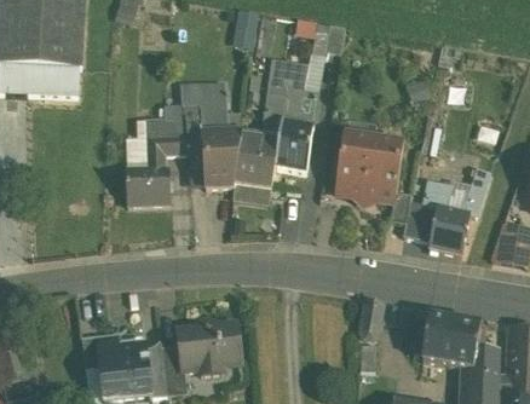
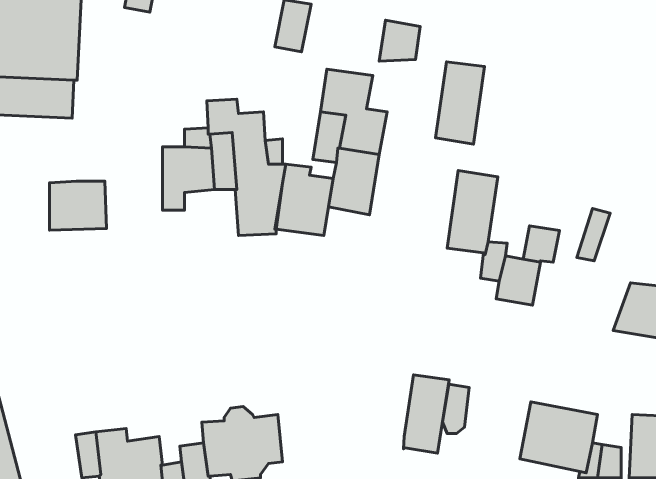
building: [335,134,373,197] -> [435,62,484,144]
building: [126,168,169,206] -> [49,181,106,230]
building: [427,207,469,255] -> none
building: none -> [403,375,449,453]

